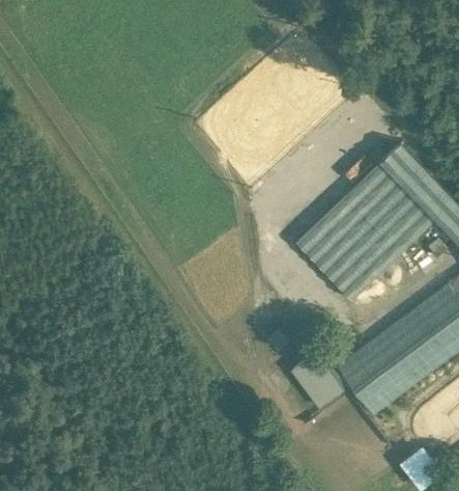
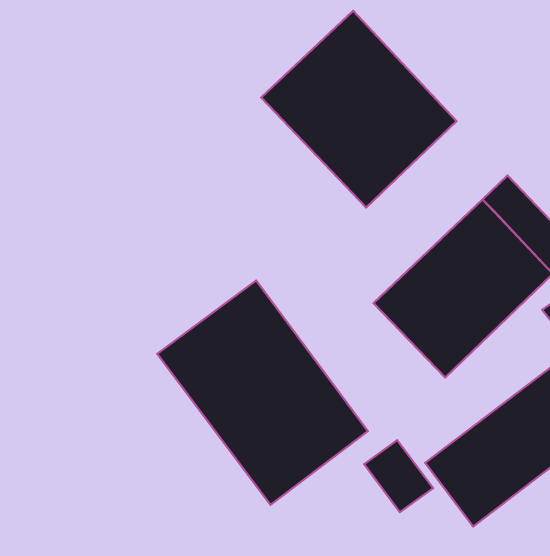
building: none -> [261,11,456,208]
building: none -> [157,280,368,505]

